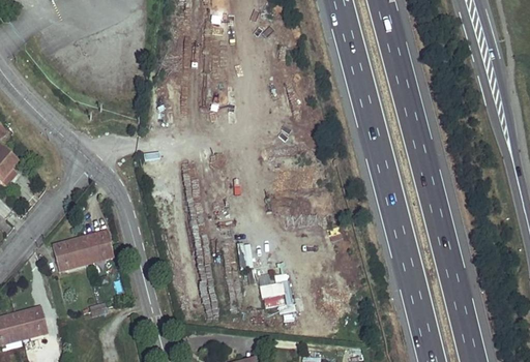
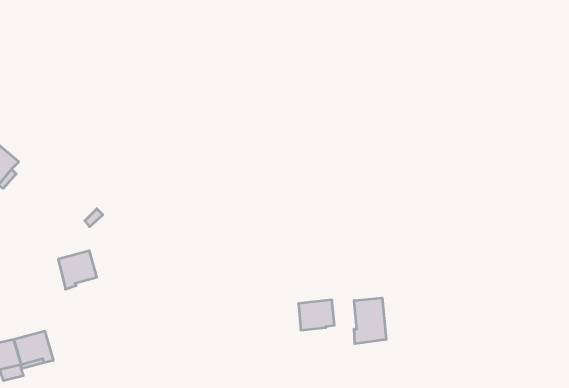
building: [80,233,114,263] -> none
building: none -> [354,298,386,344]

